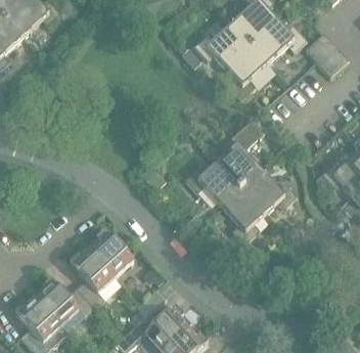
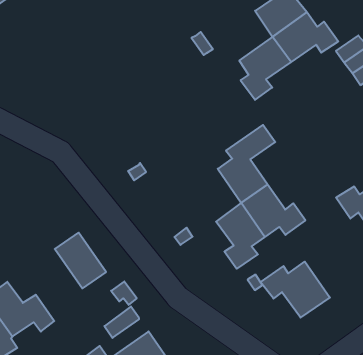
building: [193,24,250,68] -> none
building: [184,162,240,207] -> none
building: none -> [261,262,330,318]
building: [69,247,115,308] -> none

